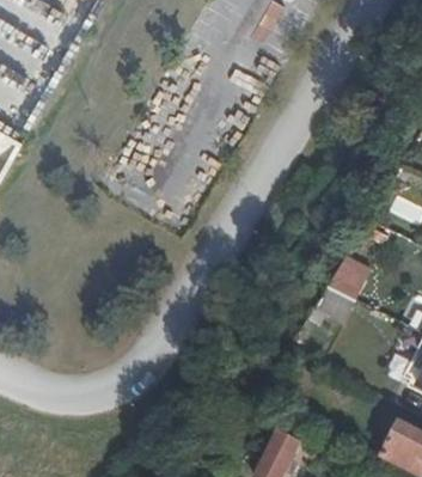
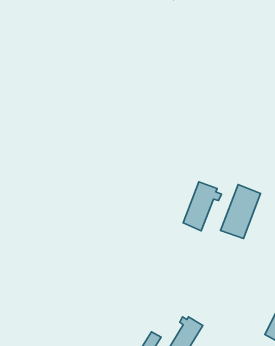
building: none -> [183,182,221,231]

